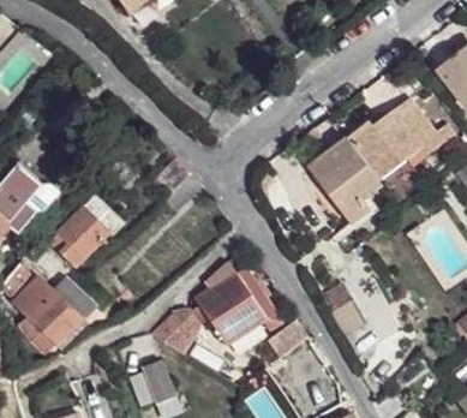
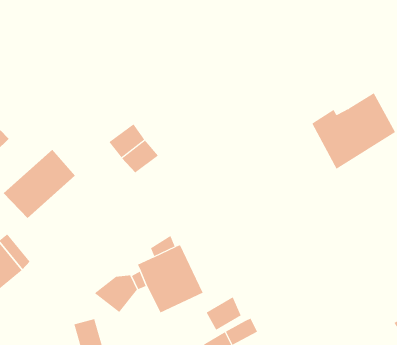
building: [312,137,381,223] -> none
building: [222,268,279,357] -> none

